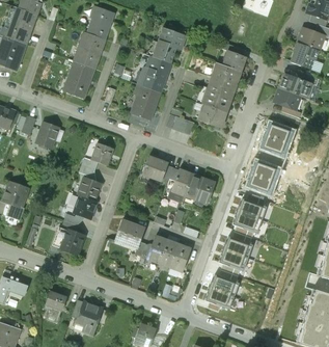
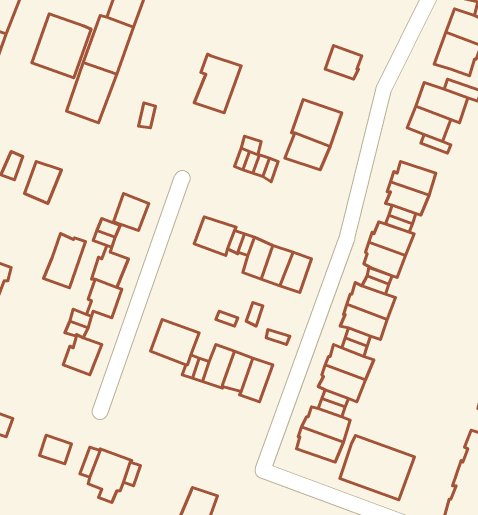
building: [152,27,184,63] -> none
building: none -> [32,14,91,78]
building: [209,63,240,92] -> none
building: [131,84,160,121] -> none
building: none -> [44,233,86,288]
building: none -> [340,436,414,500]

